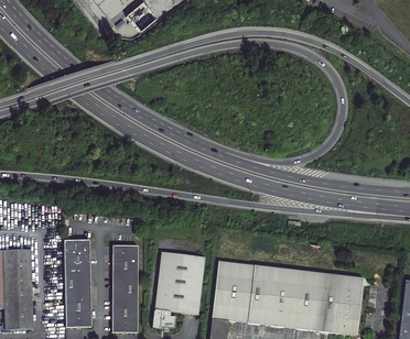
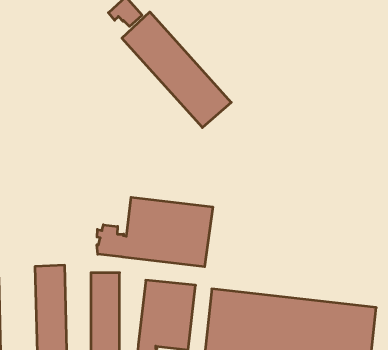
building: none -> [122,12,231,128]
building: none -> [97,197,213,267]

